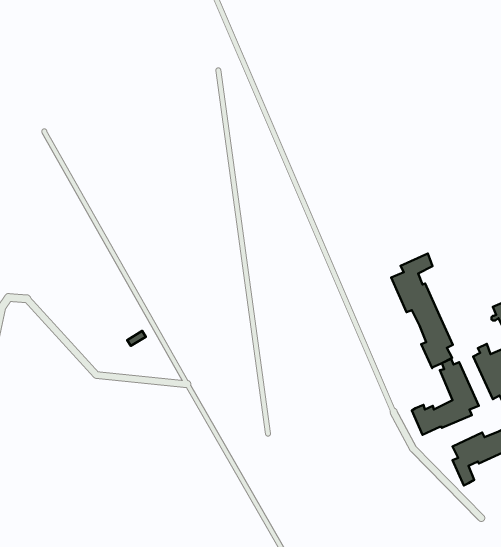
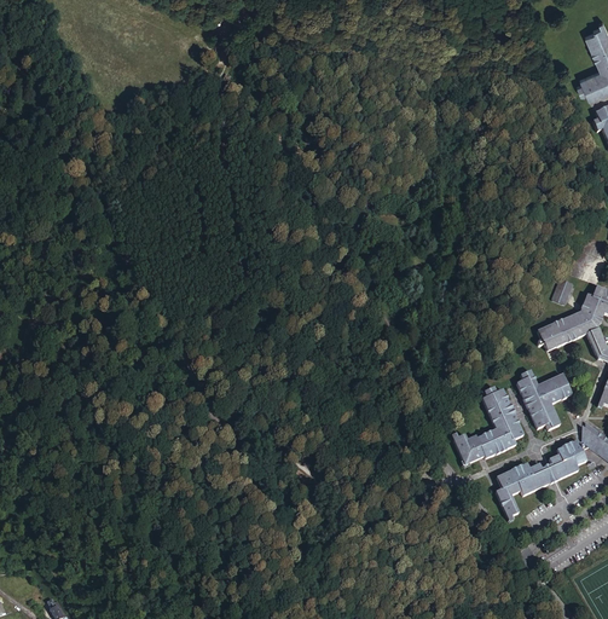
building: [391,253,453,368] -> none

